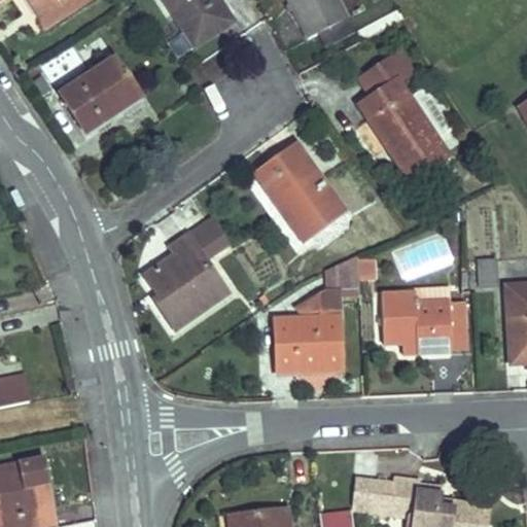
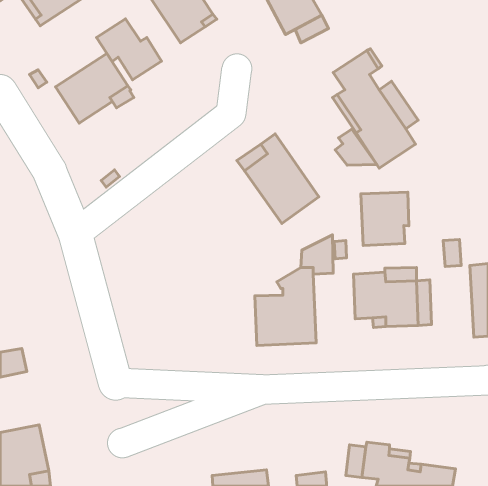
building: none -> [96,19,162,80]
building: none -> [335,129,377,165]
building: none -> [361,192,409,245]
building: [145,221,227,328] -> none

